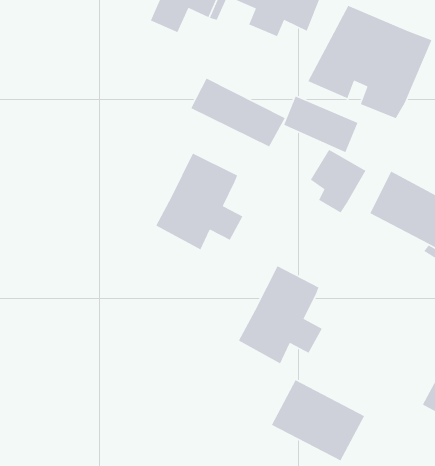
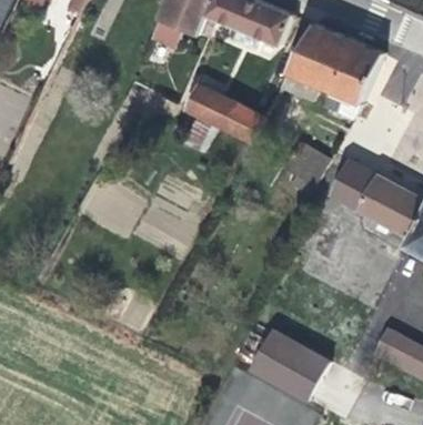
building: [283,96,358,153] -> none
building: [155,152,244,251] -> none
building: [238,265,323,365] -> none

